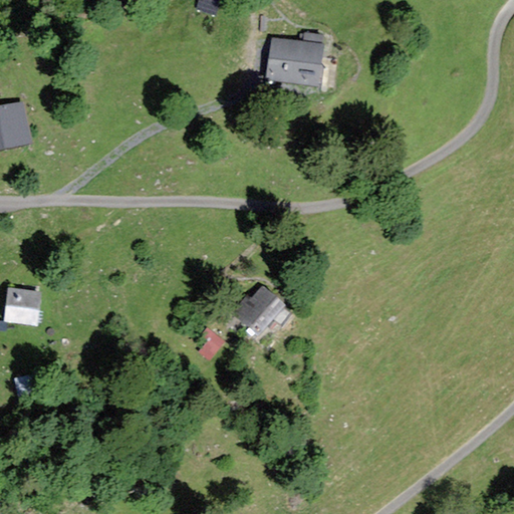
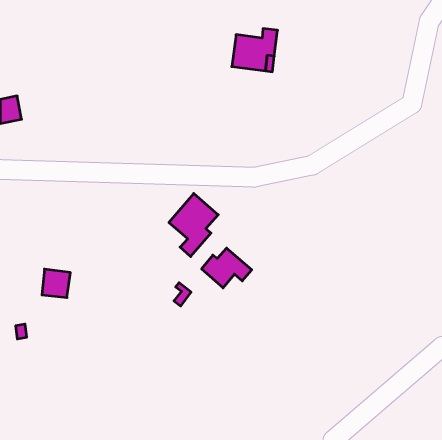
building: none -> [169,193,218,257]
building: [7,290,40,323] -> [42,269,70,298]

